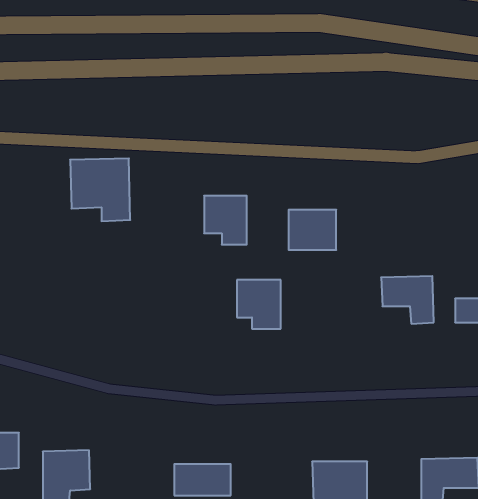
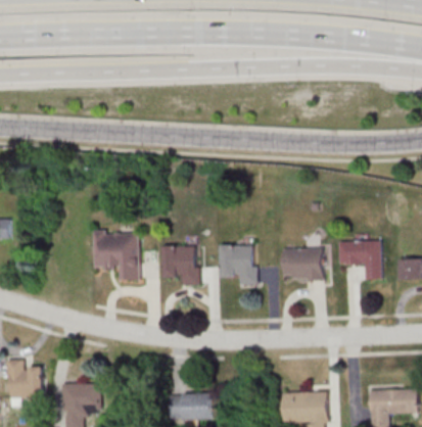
building: [70,158,130,221] -> [92,230,141,281]
building: [204,196,247,245] -> [162,245,197,285]
building: [289,210,336,250] -> [283,248,322,281]

